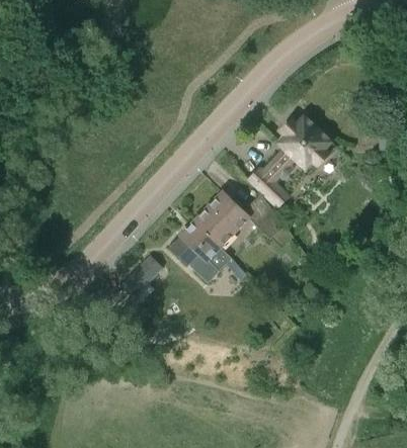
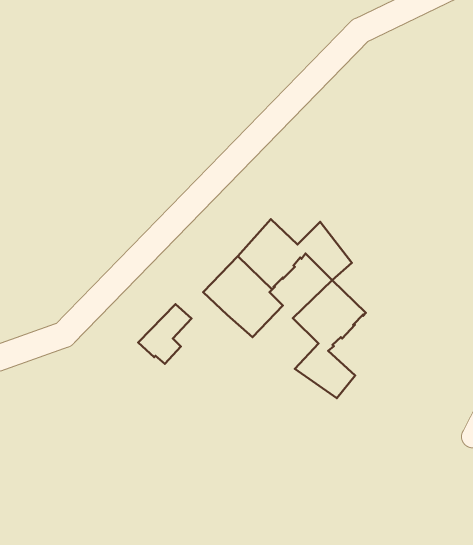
building: [249,115,332,208] -> none
building: none -> [293,280,366,398]

